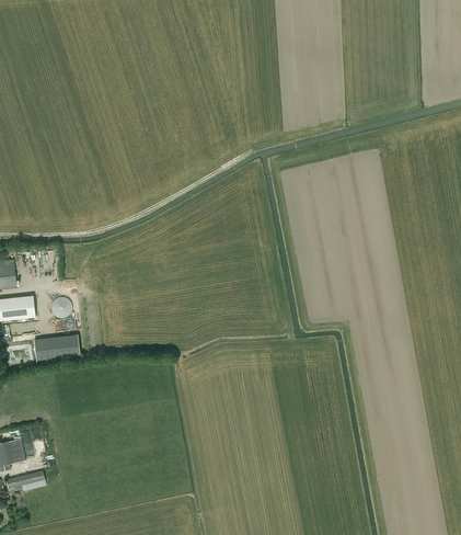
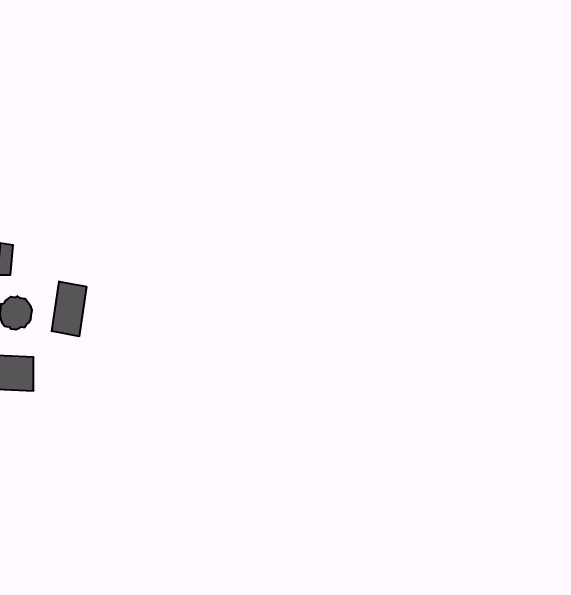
building: none -> [52,281,86,336]

